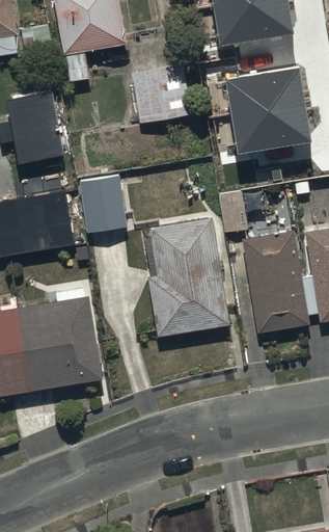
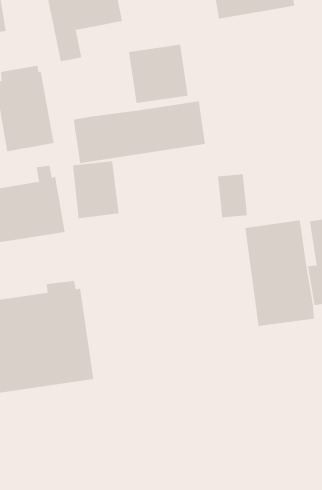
building: [225,64,310,151] -> none
building: none -> [73,101,206,164]
building: [150,218,229,337] -> none

